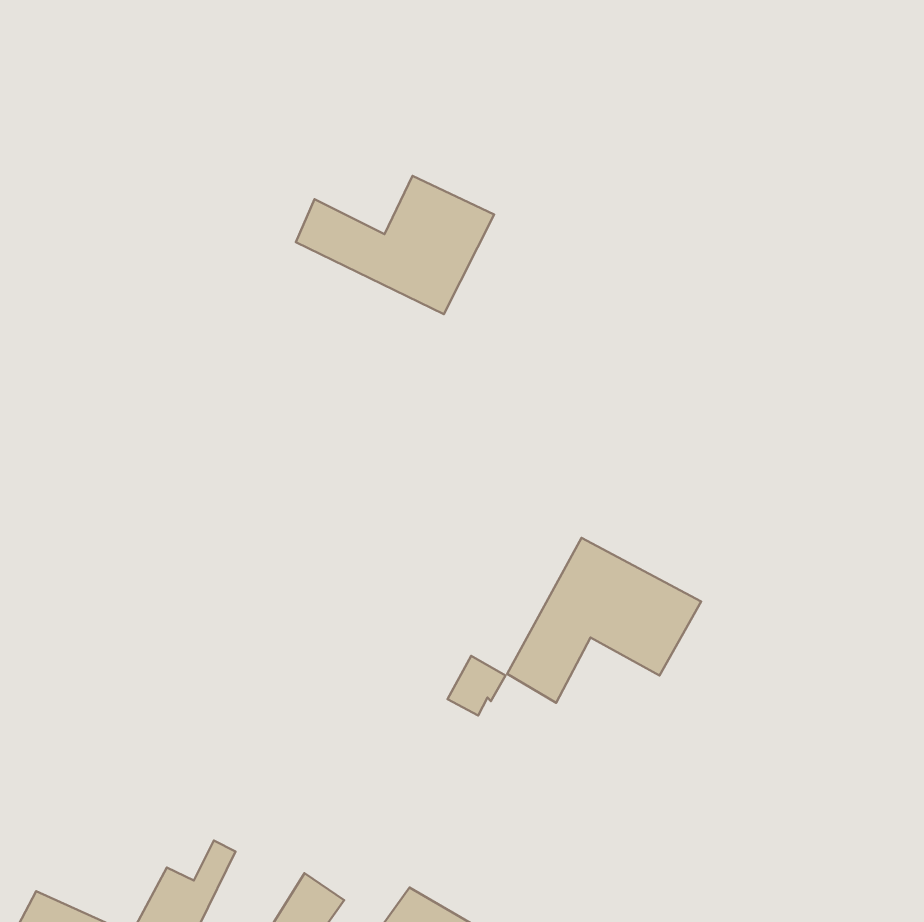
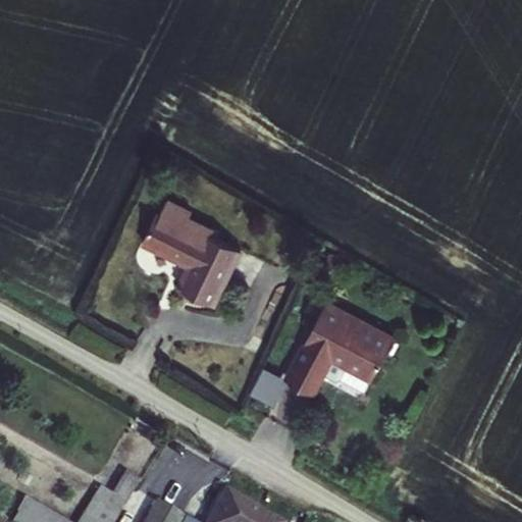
building: [296,176,494,314] -> none
building: none -> [140,214,239,305]

